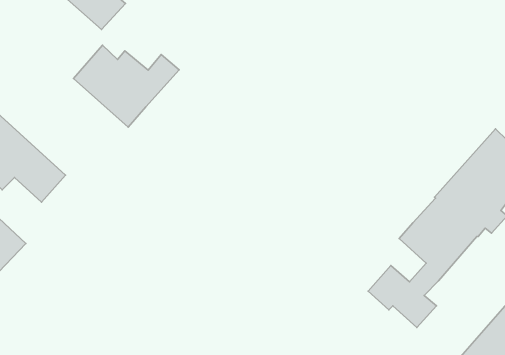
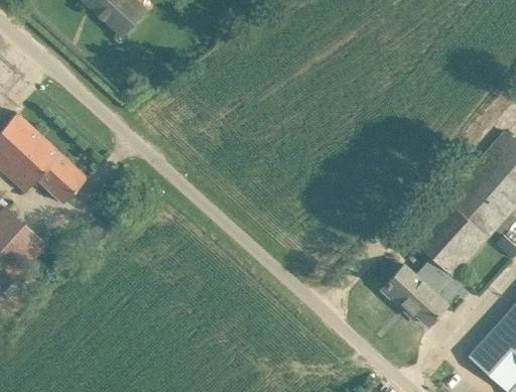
building: [73,45,179,127] -> none

